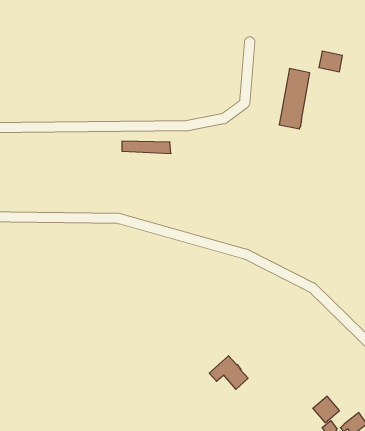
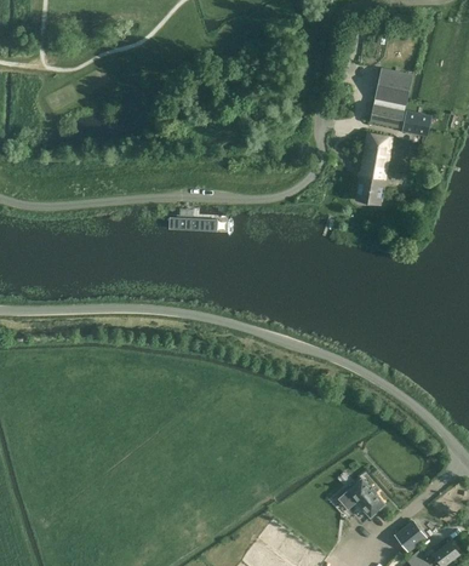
building: none -> [373,68,410,104]
building: none -> [368,104,402,127]
building: [209,356,248,389] -> [337,480,383,520]

